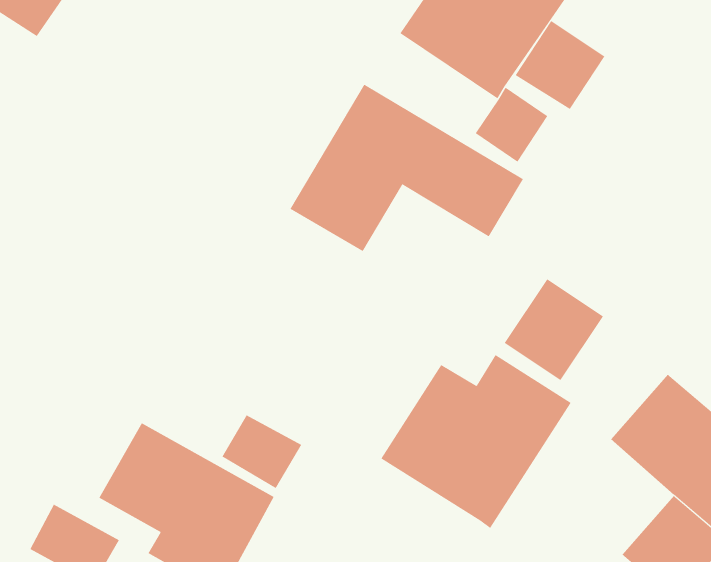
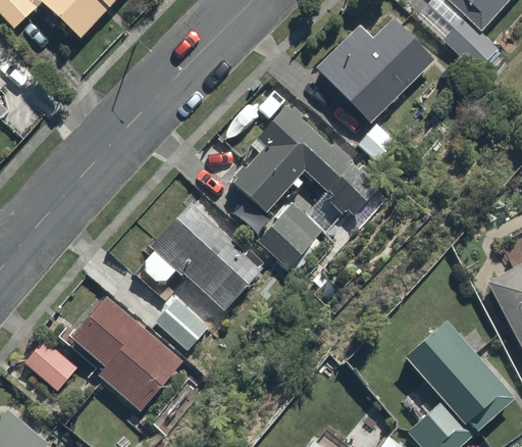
building: [515,20,605,110] -> none
building: none -> [143,199,267,311]
building: [504,278,604,381] -> [256,203,323,270]
building: [380,354,571,529] -> none

